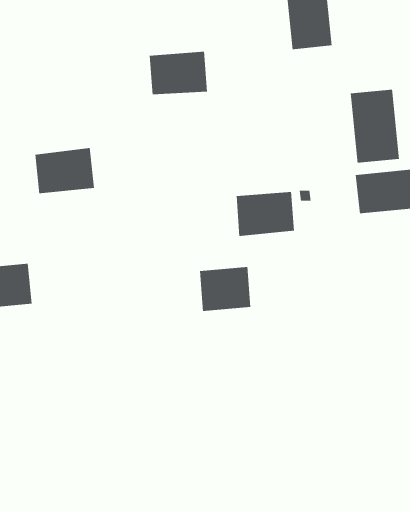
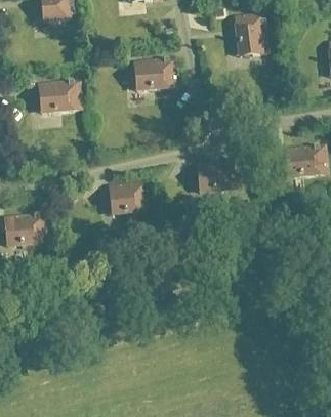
building: [350,89,399,163] -> none
building: [34,147,95,194] -> [37,78,81,112]
building: [199,267,251,311] -> [108,182,146,215]

